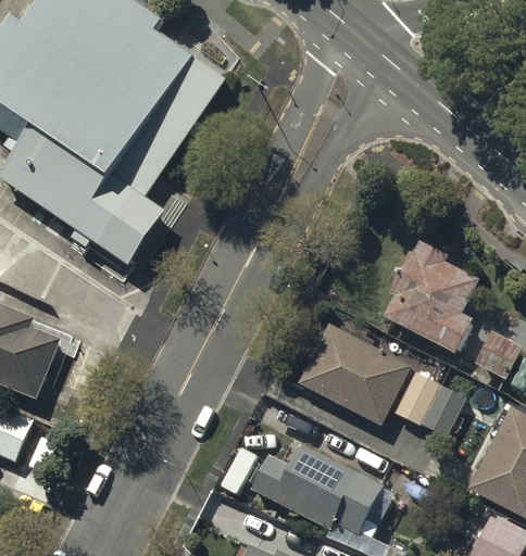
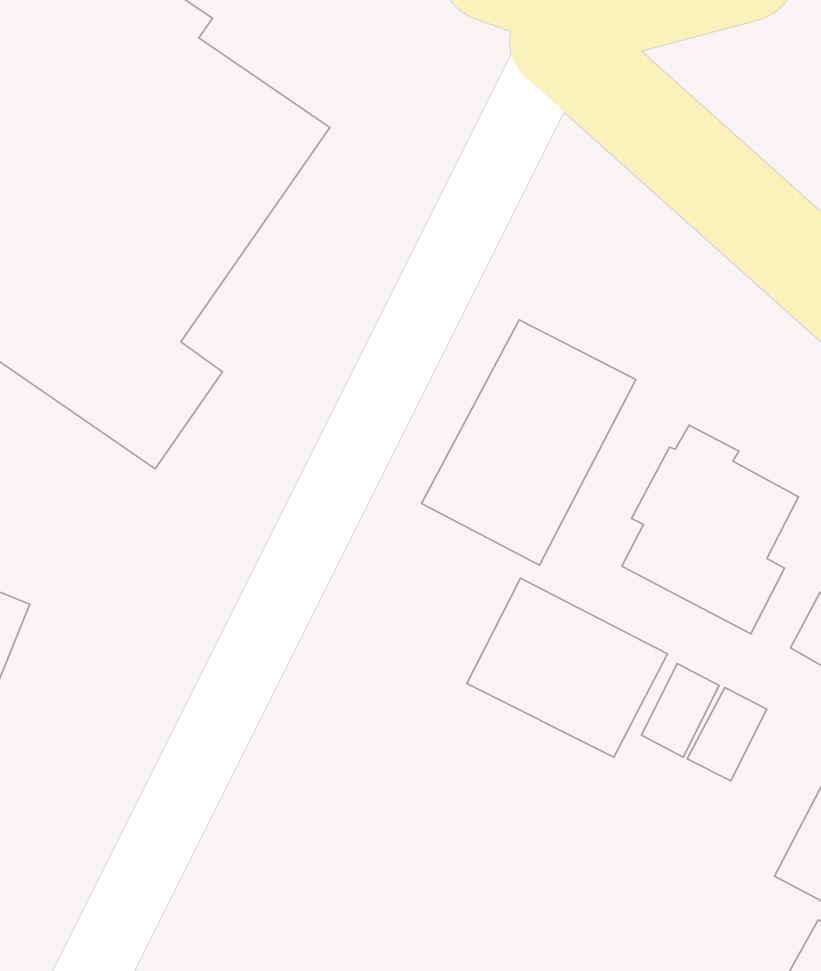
building: none -> [422,320,636,565]
building: [249,447,379,533] -> none

